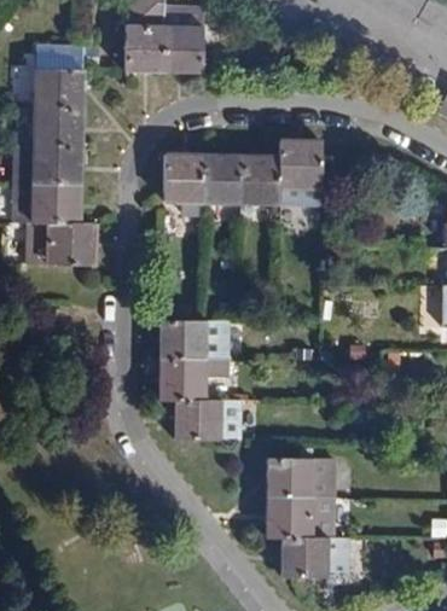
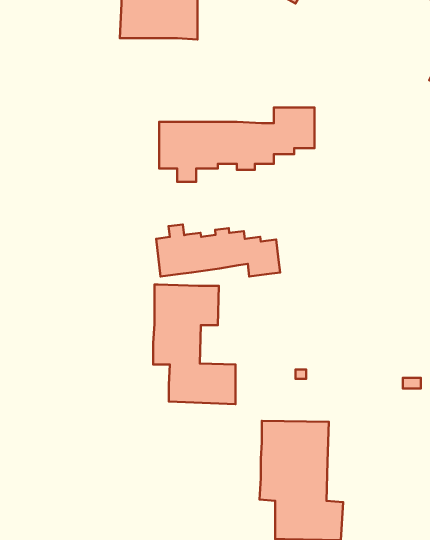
building: [14,37,97,266] -> none
building: none -> [156,224,280,277]

